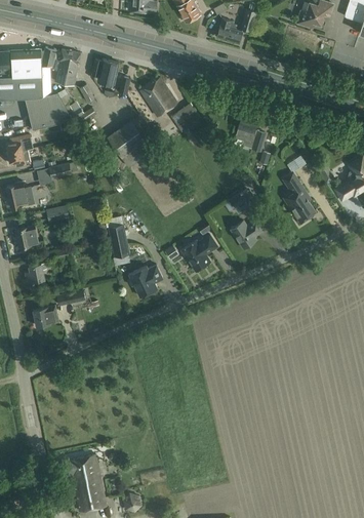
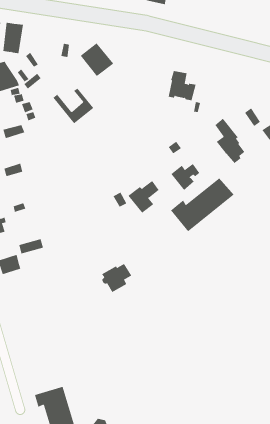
building: [92,58,119,83] -> none
building: [171,102,201,131] -> none
building: [109,224,129,255] -> none
building: none -> [170,177,234,232]
building: [129,264,163,295] -> [101,263,132,293]

